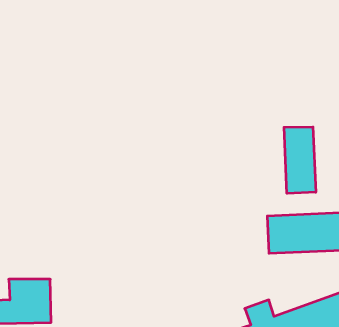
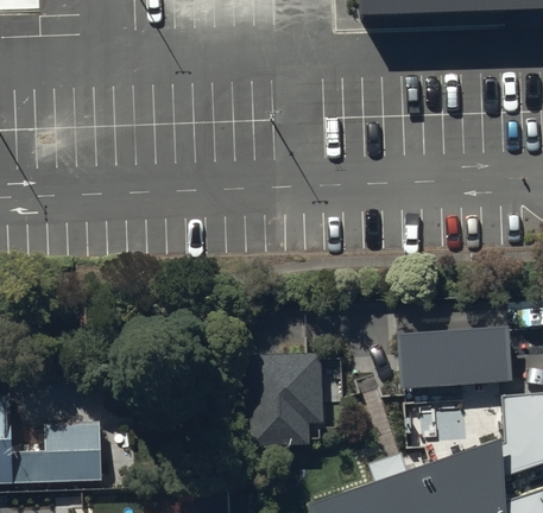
building: [284,127,316,193] -> none
building: none -> [248,354,322,446]

